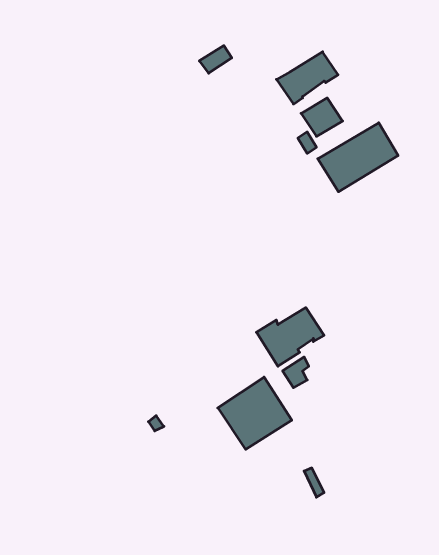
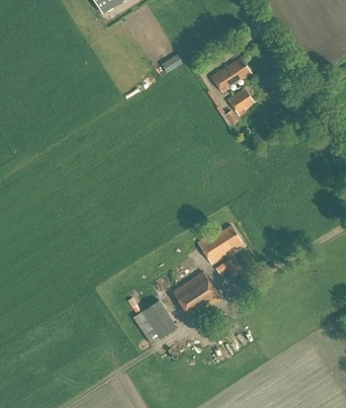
building: [318,123,398,192] -> none
building: none -> [135,299,180,344]

